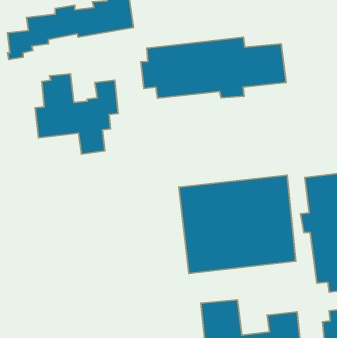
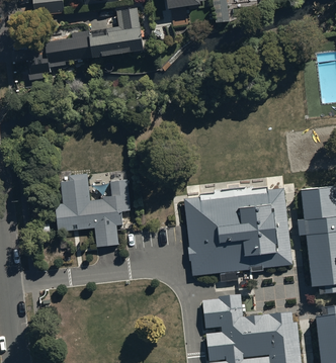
building: [141,37,286,98] -> none
building: [35,74,118,154] -> [54,173,130,247]

